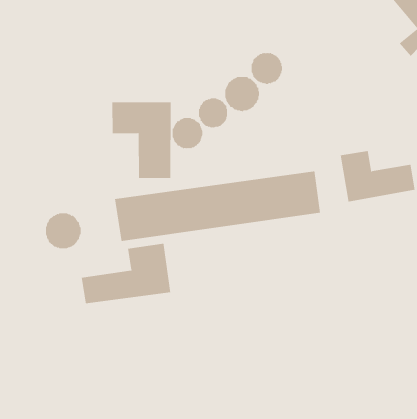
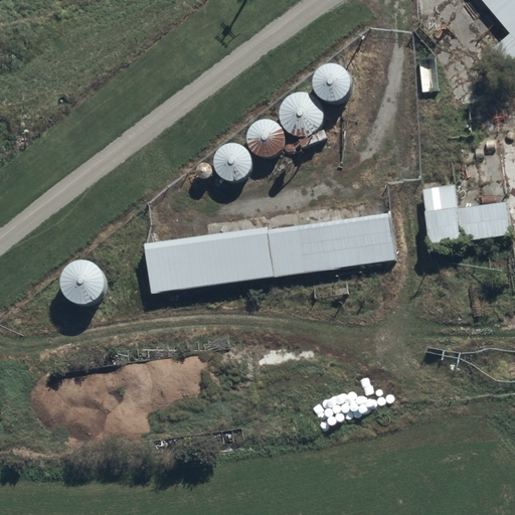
building: [112,101,171,179] -> none
building: [81,243,171,304] -> none

